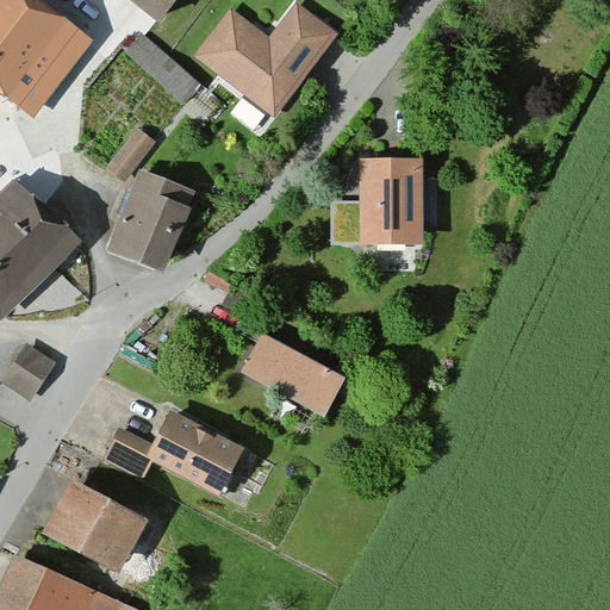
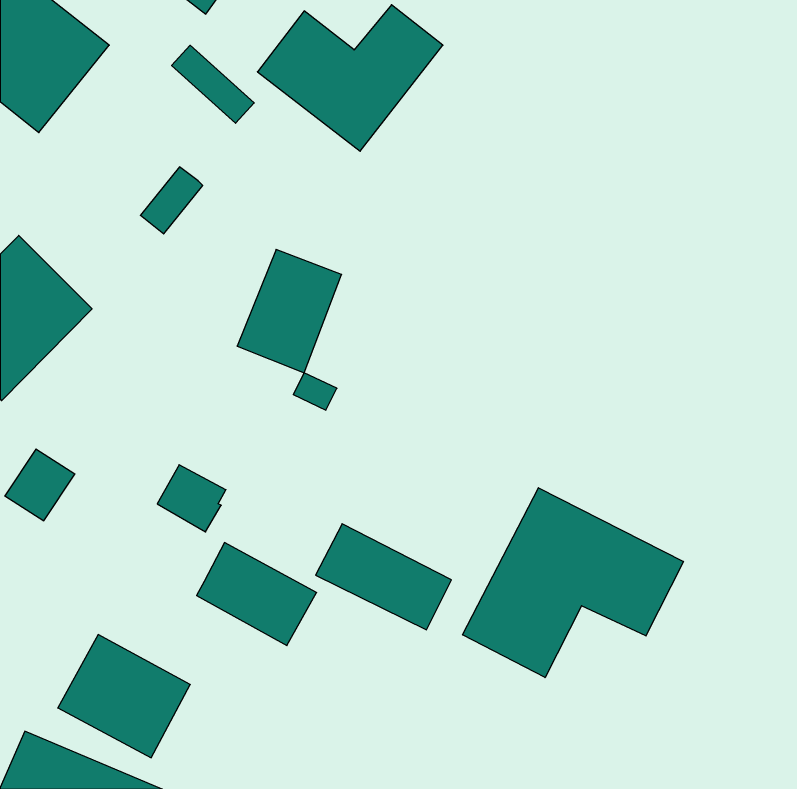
building: [334,161,422,244] -> none
building: [112,169,192,263] -> [237,249,342,373]
building: [243,336,347,417] -> [316,524,451,630]
building: none -> [463,488,683,678]
building: [104,425,156,477] -> [157,465,226,532]

